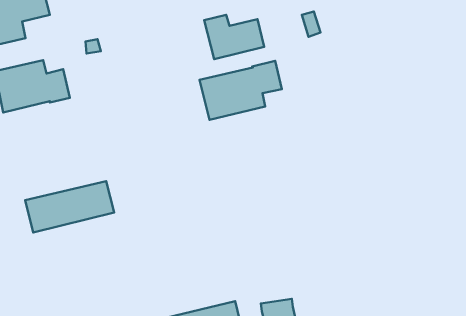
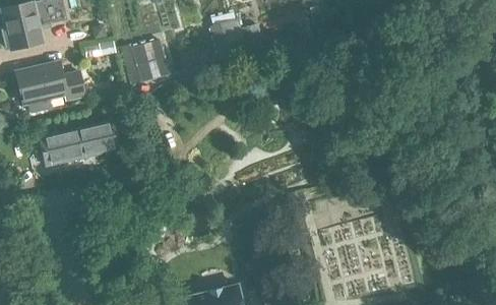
building: none -> [129,39,169,83]
building: [199,61,282,120] -> none
building: [25,181,114,232] -> [39,120,120,167]

